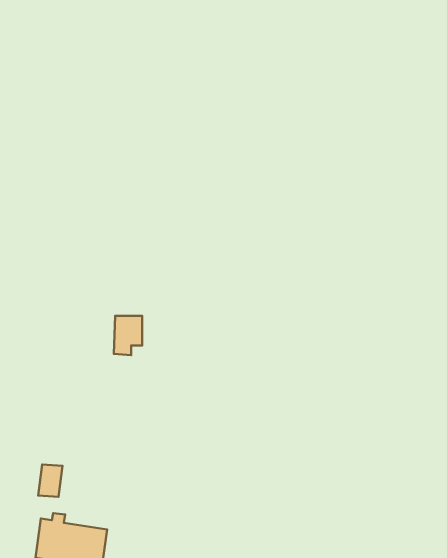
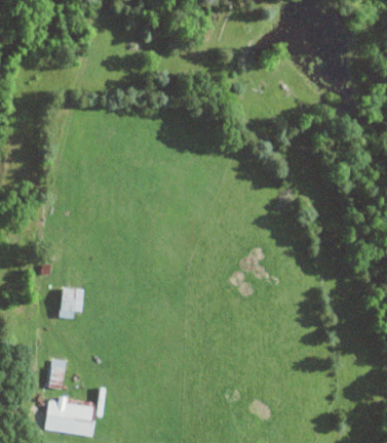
building: [114,316,142,355] -> [61,288,82,318]

